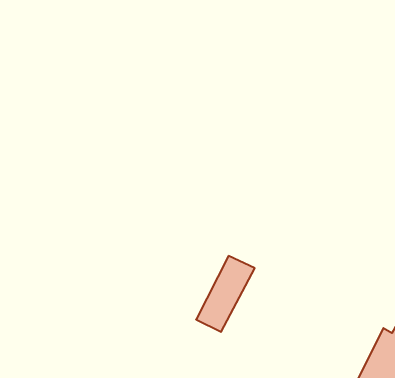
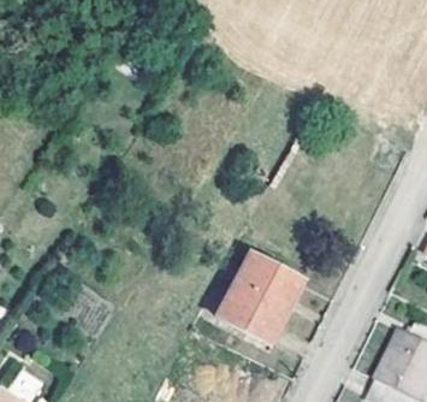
building: none -> [244,271,302,345]

